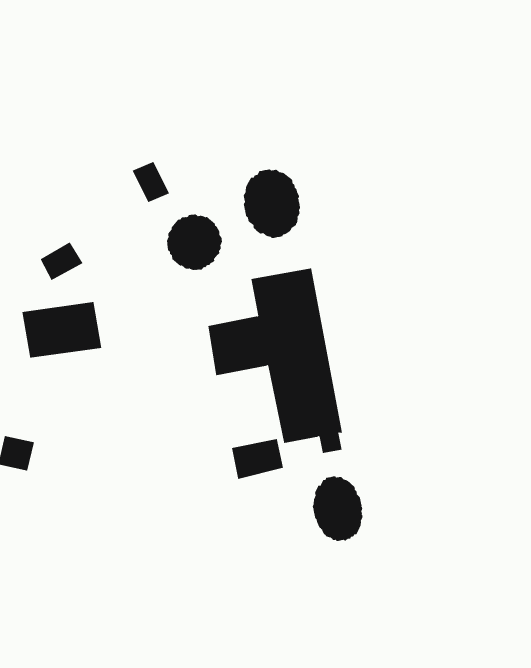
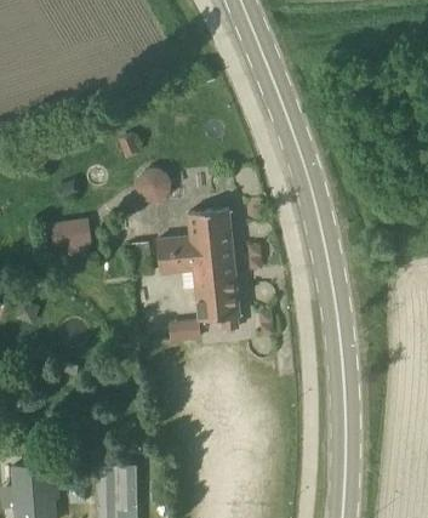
building: [243,169,301,239] -> none
building: [312,476,363,542] -> none

